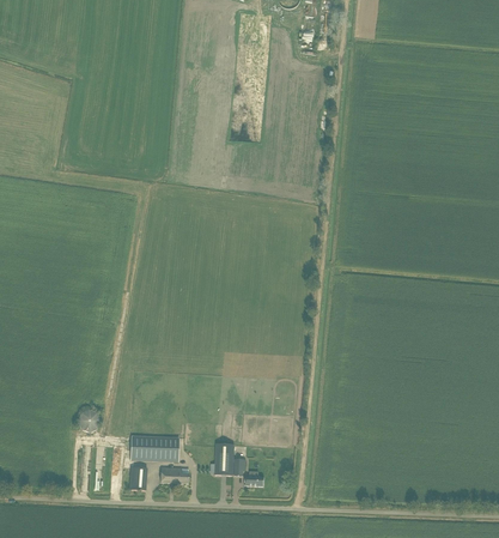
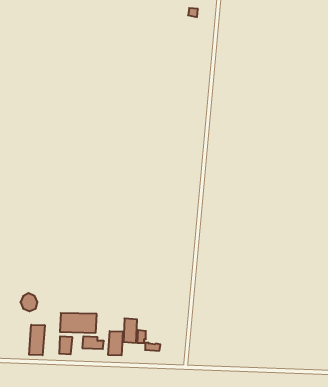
building: none -> [29,325,45,355]
building: none -> [108,331,123,355]

